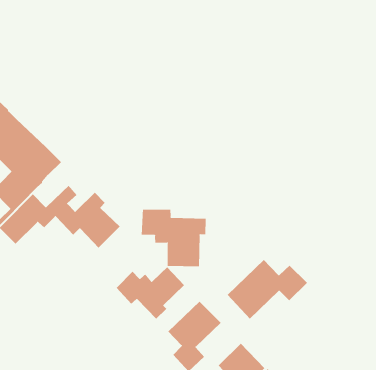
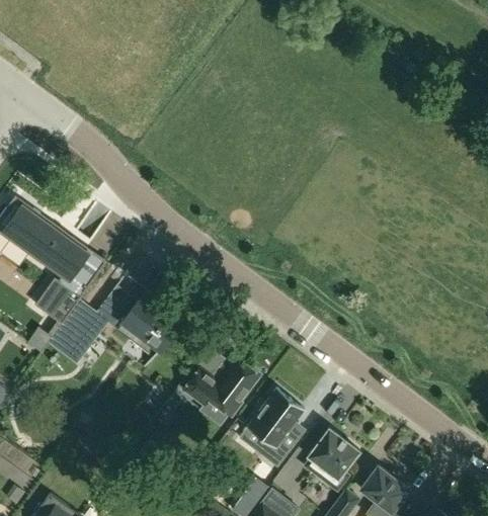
building: [141,209,206,267] -> none
building: [227,259,308,320] -> none

